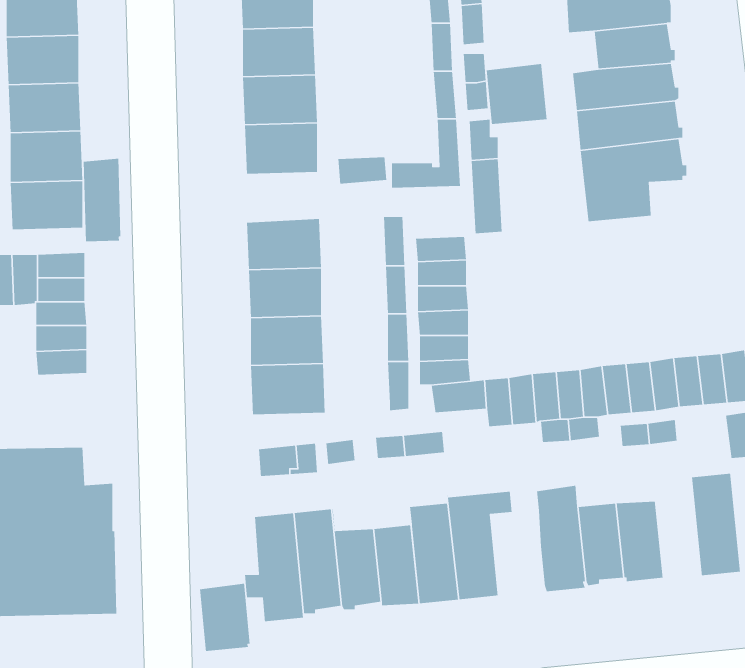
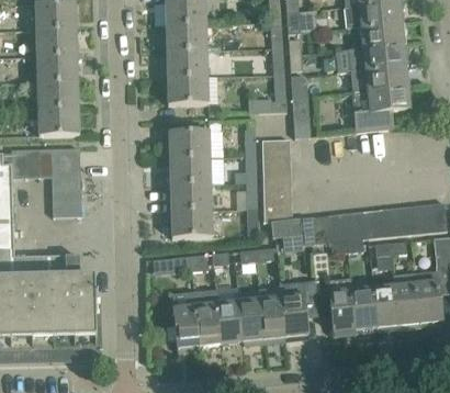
building: [486,63,547,125] -> none
building: [83,158,121,242] -> none
building: none -> [393,272,419,329]
building: [199,583,251,652] -> none

